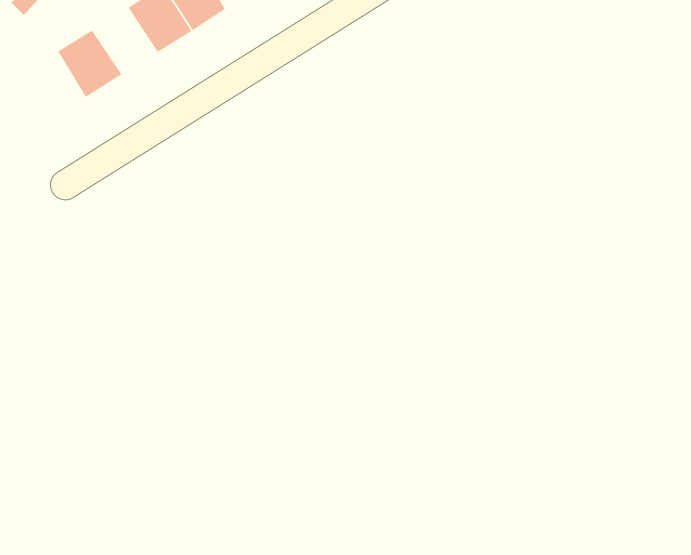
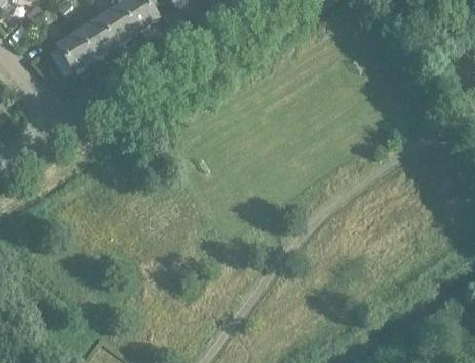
building: none -> [73,18,113,59]

